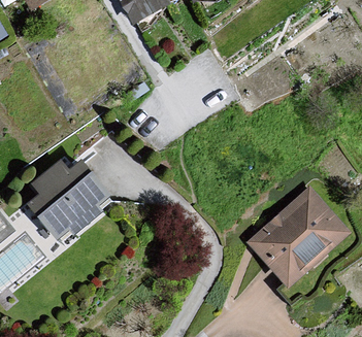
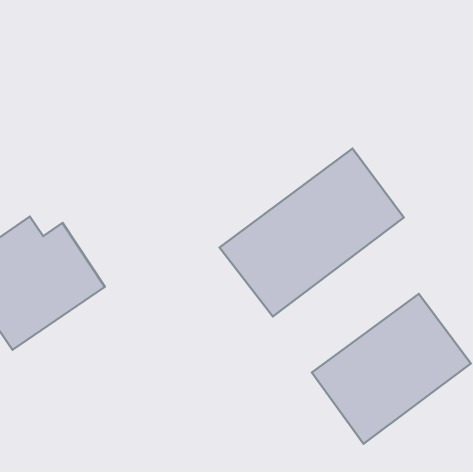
building: none -> [220,148,404,317]

